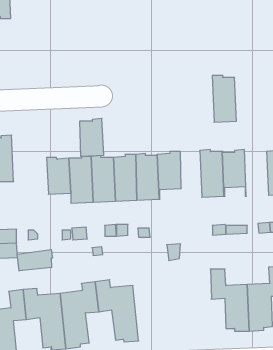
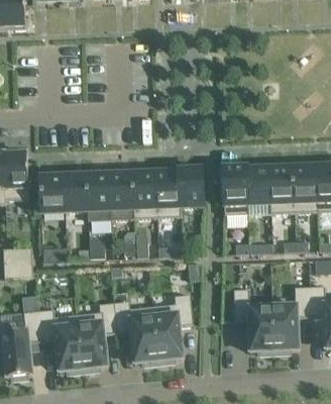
building: [212,76,236,122] -> [268,165,294,213]
building: [80,118,104,156] -> [39,173,65,212]
building: [17,250,52,271] -> none
building: none -> [152,294,193,364]

